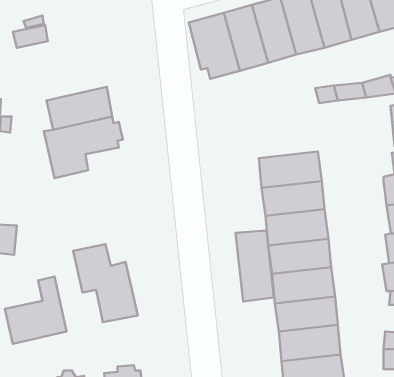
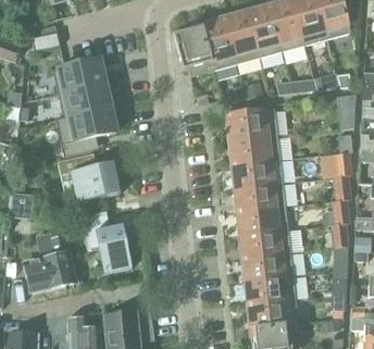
building: none -> [52,58,107,94]
building: none -> [226,108,277,140]
building: none -> [58,153,120,201]
building: [236,230,274,302] -> none

